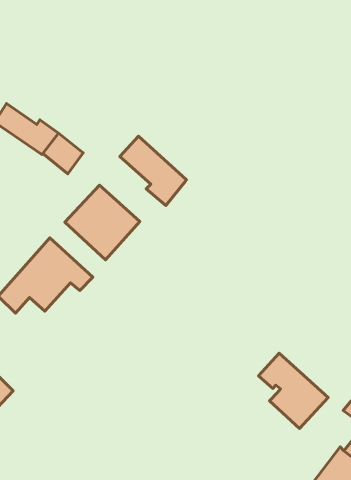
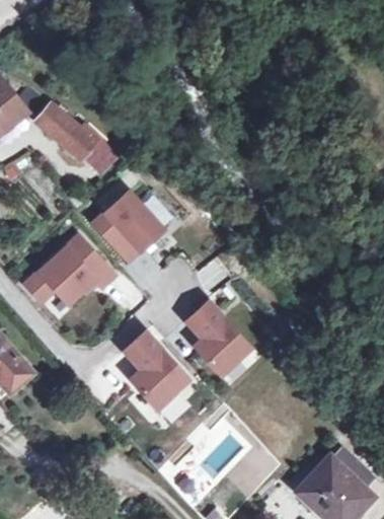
building: [120,136,187,206] -> none
building: none -> [125,331,185,412]
building: [259,353,328,429] -> [187,302,250,374]

